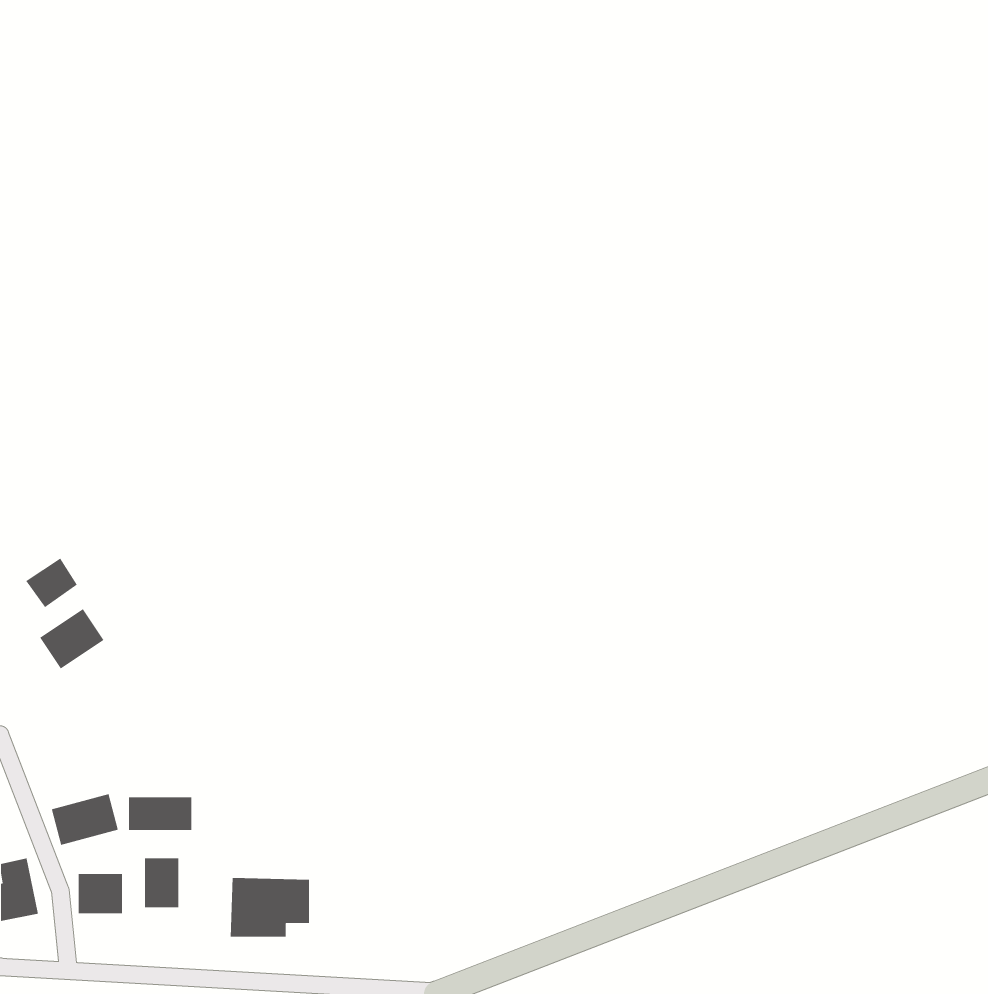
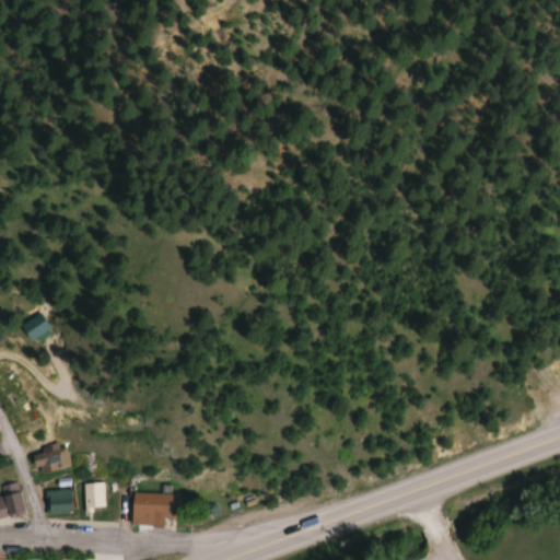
building: [39,608,104,669] -> none
building: [128,796,192,831] -> none

